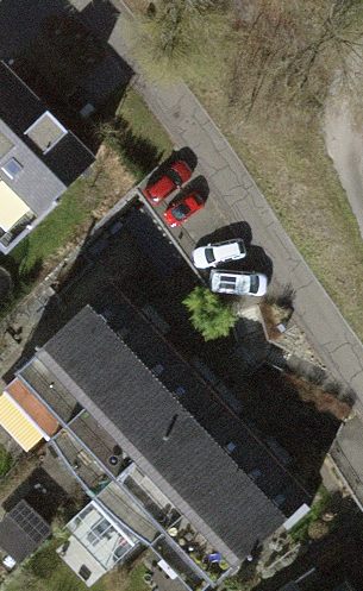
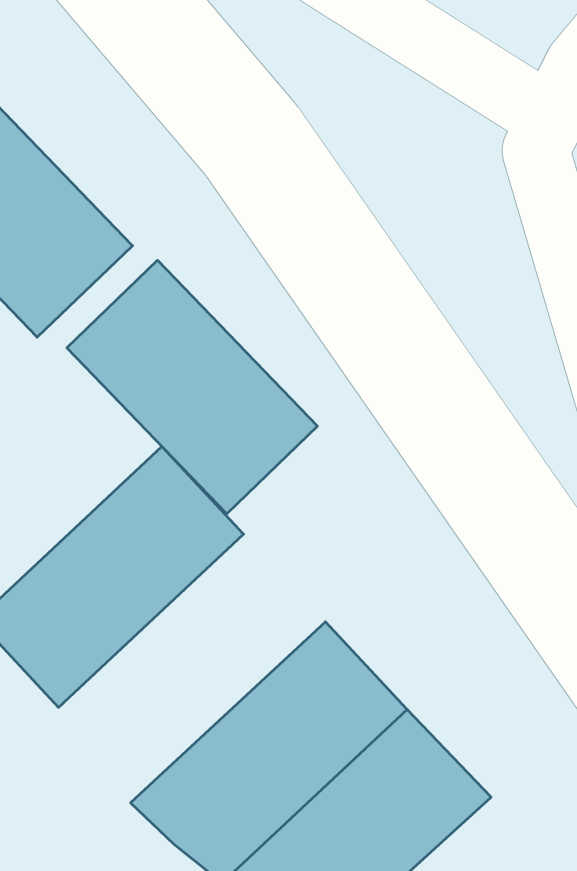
building: none -> [67,260,317,514]
building: [45,335,208,499] -> none

